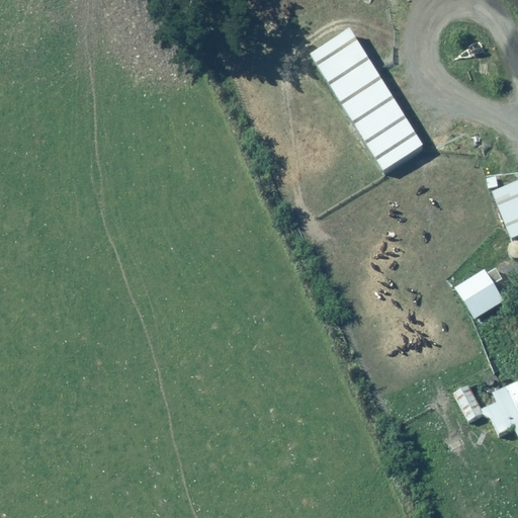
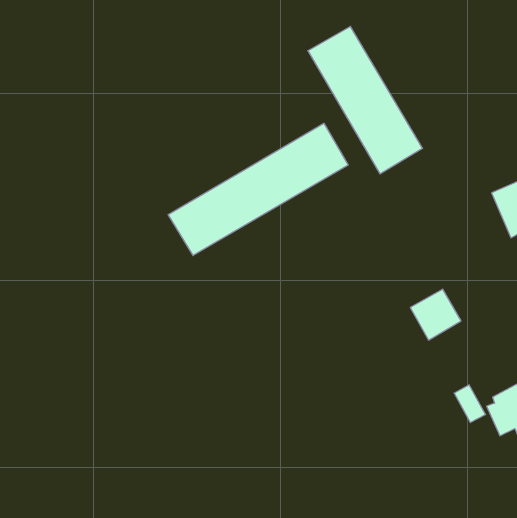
building: none -> [168,123,348,256]
building: [455,268,506,319] -> [410,289,461,340]

